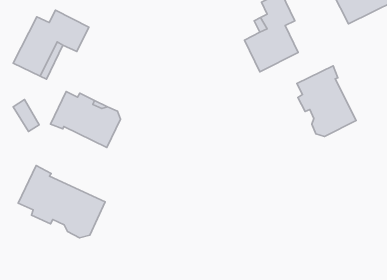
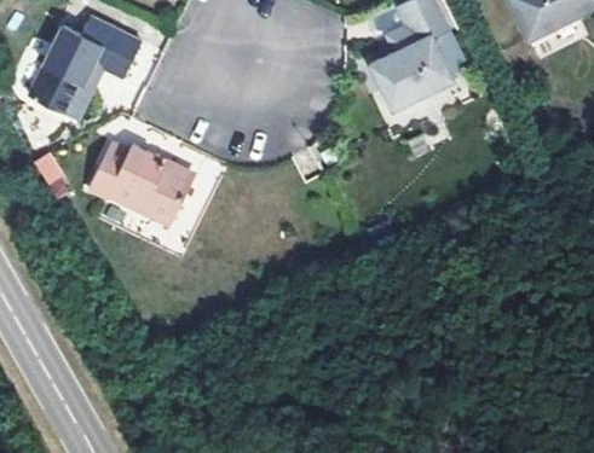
building: [297,66,356,136] -> none
building: [18,165,105,238] -> none

